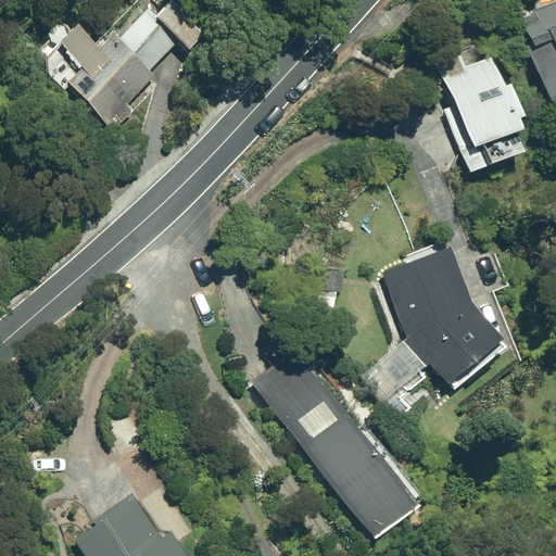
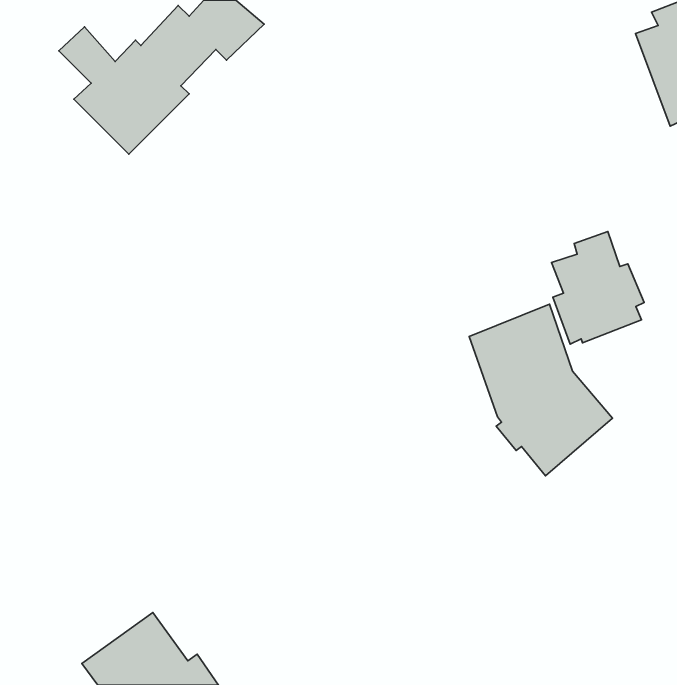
building: [447,58,522,149] -> [552,232,644,344]
building: [253,350,416,539] -> none

